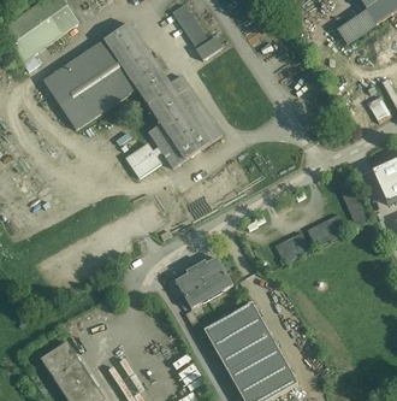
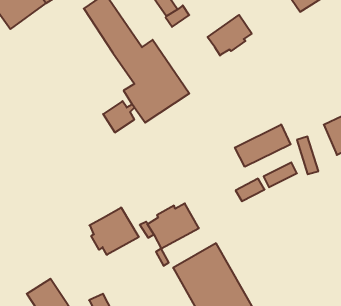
building: [43,40,137,129] -> none
building: none -> [208,15,252,56]
building: none -> [235,124,291,167]
building: none -> [89,207,139,255]

